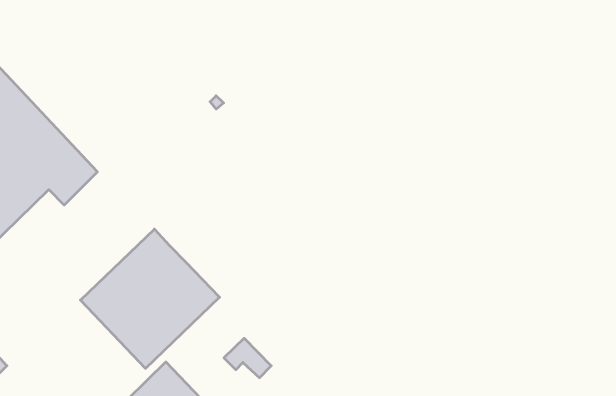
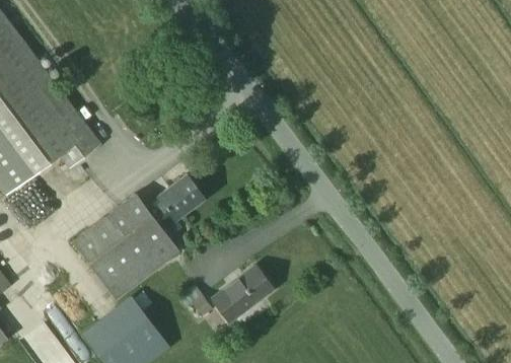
building: none -> [146,173,204,222]
building: none -> [211,264,274,322]

